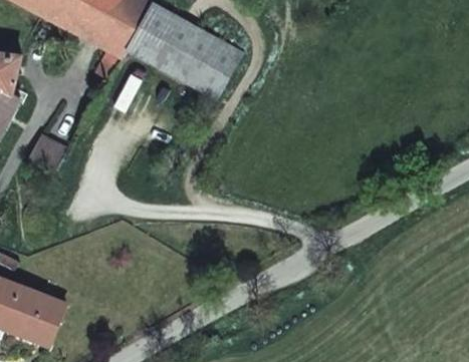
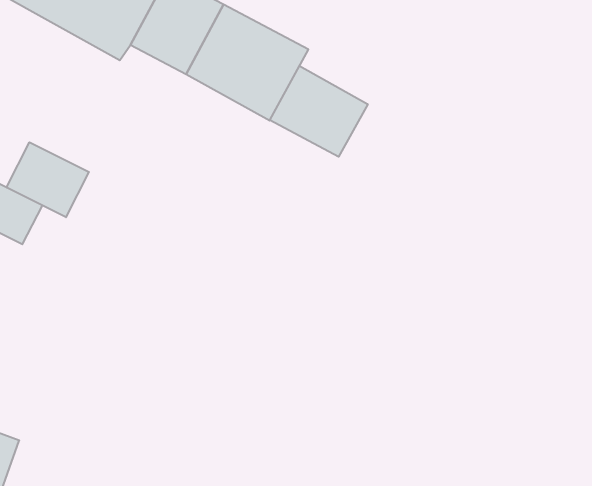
building: none -> [270,66,368,157]
building: none -> [7,142,89,217]

